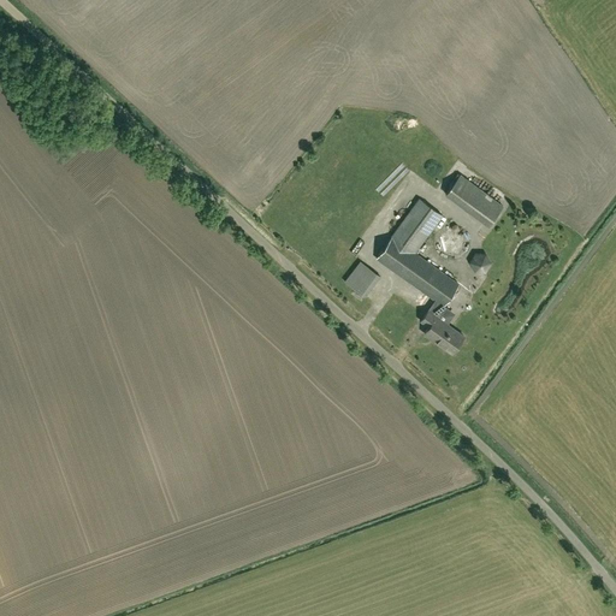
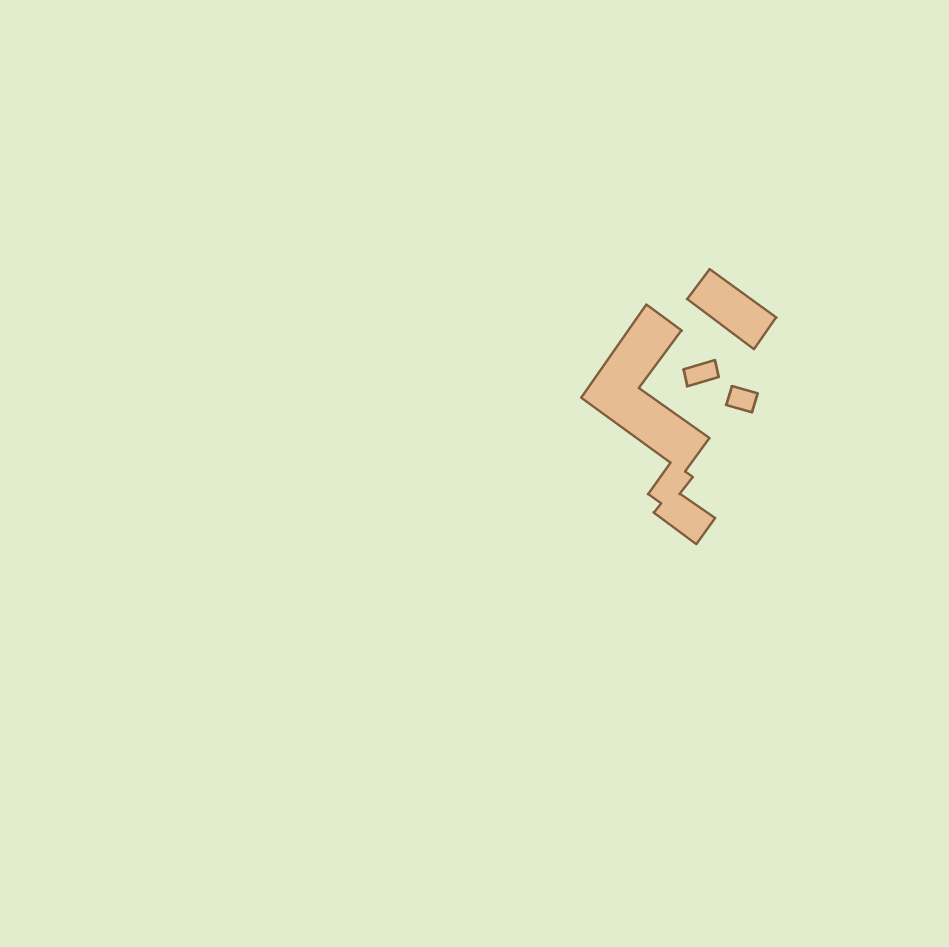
building: [345,263,380,297] -> none

